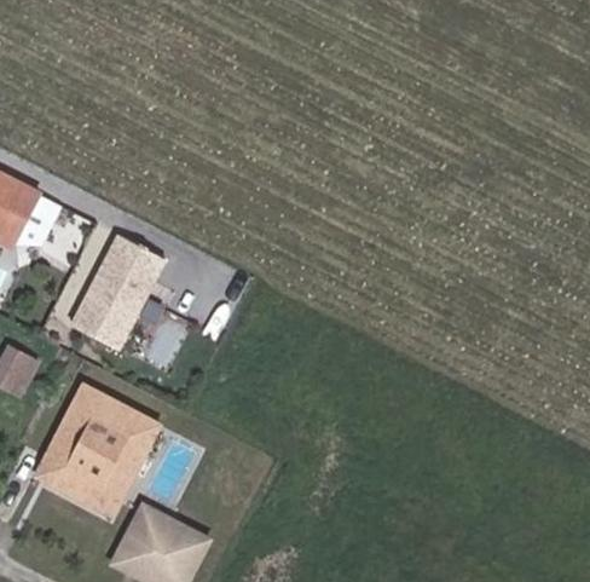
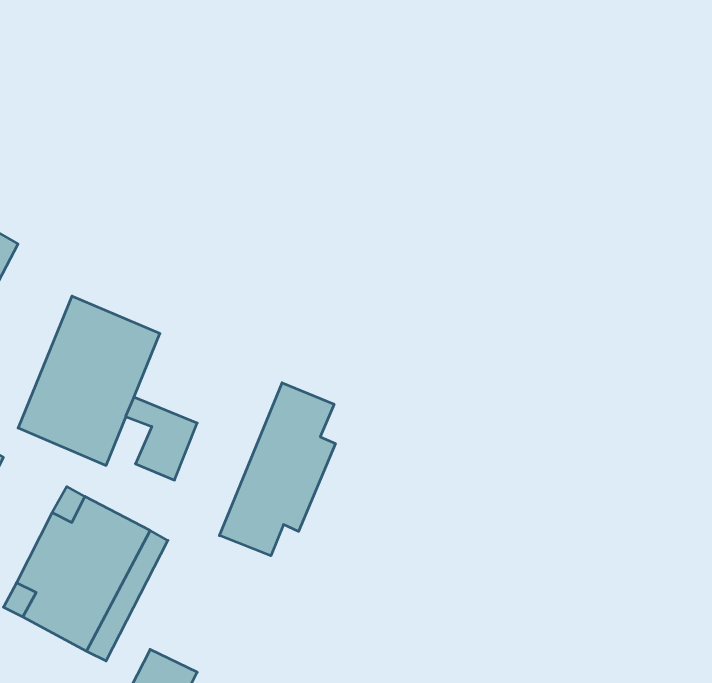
building: none -> [219,383,335,556]

